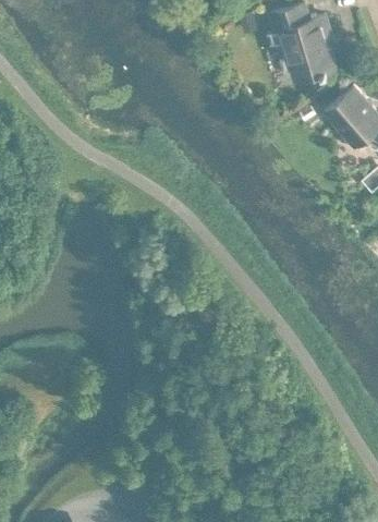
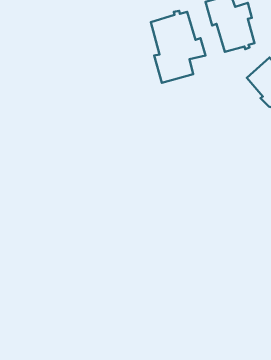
building: none -> [151,11,206,83]

